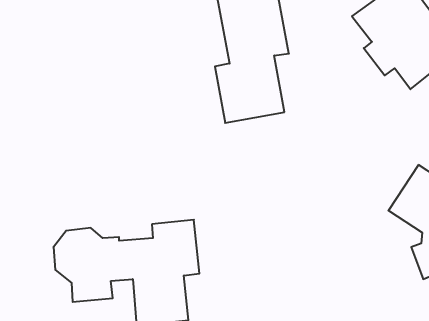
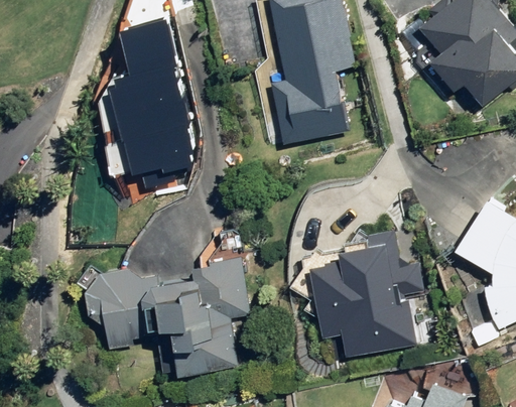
building: none -> [108,22,197,181]
building: none -> [314,229,425,349]

